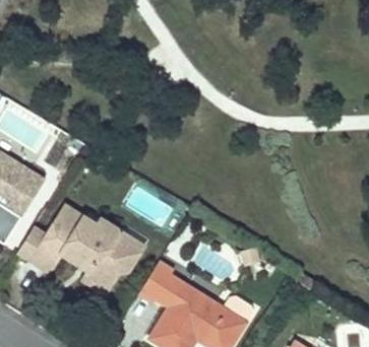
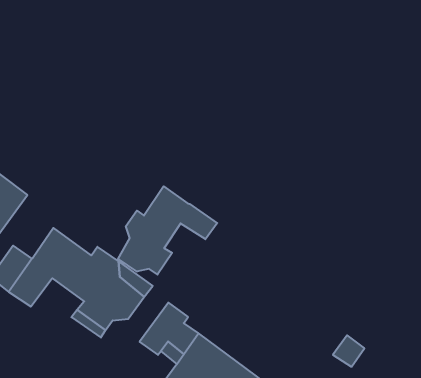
building: none -> [118,186,217,275]

